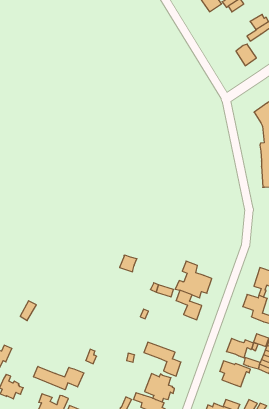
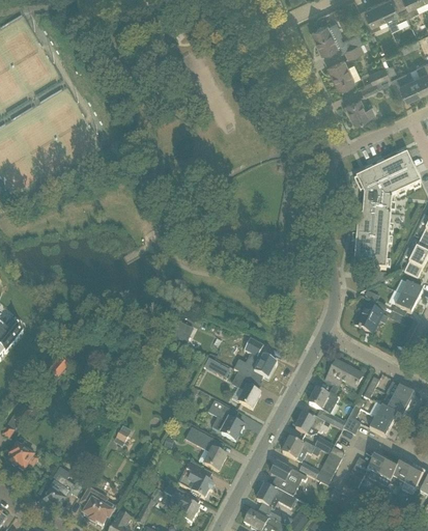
building: none -> [327,56,353,85]
building: none -> [294,412,330,434]
building: none -> [207,399,242,440]
building: [34,366,84,390] -> none
building: none -> [256,484,294,507]

